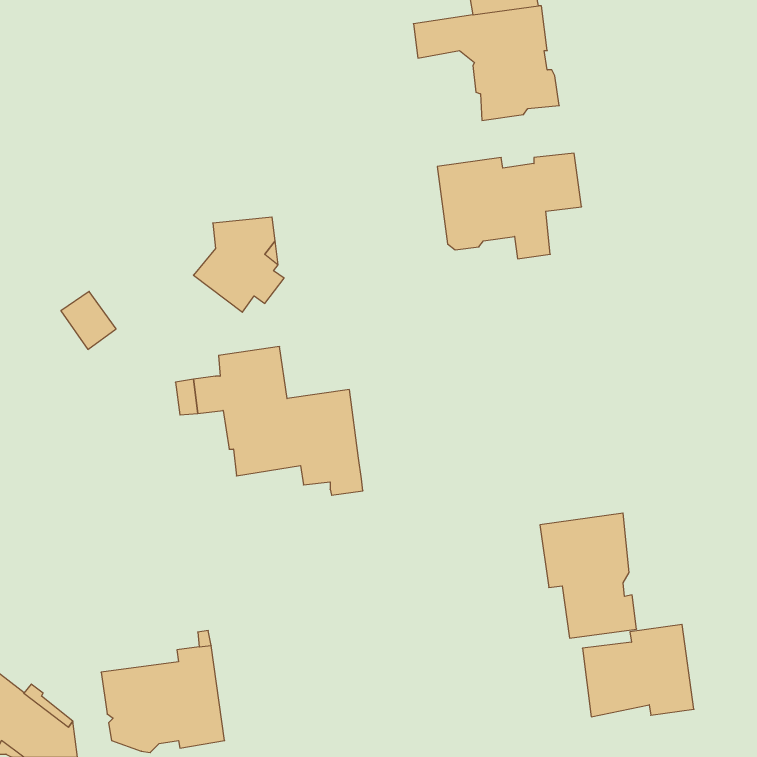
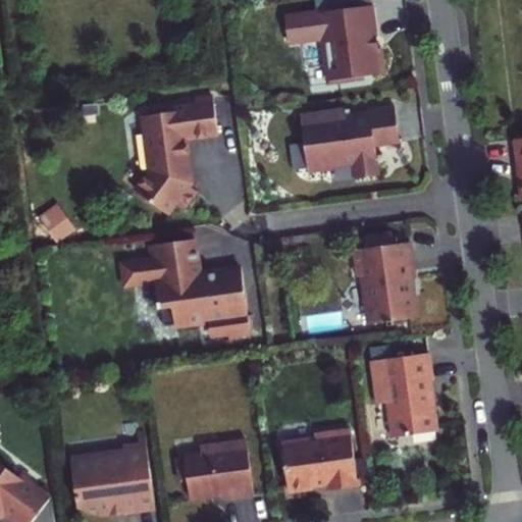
building: none -> [141,96,216,153]
building: none -> [353,233,415,323]
building: [582,624,694,717] -> [280,427,357,490]
building: none -> [175,439,253,500]

